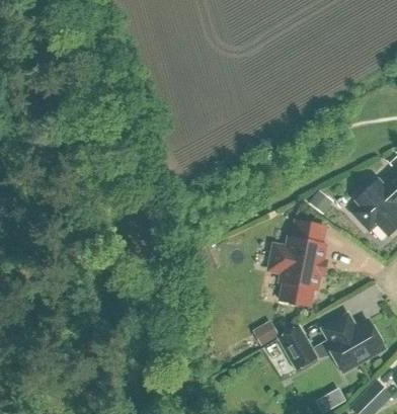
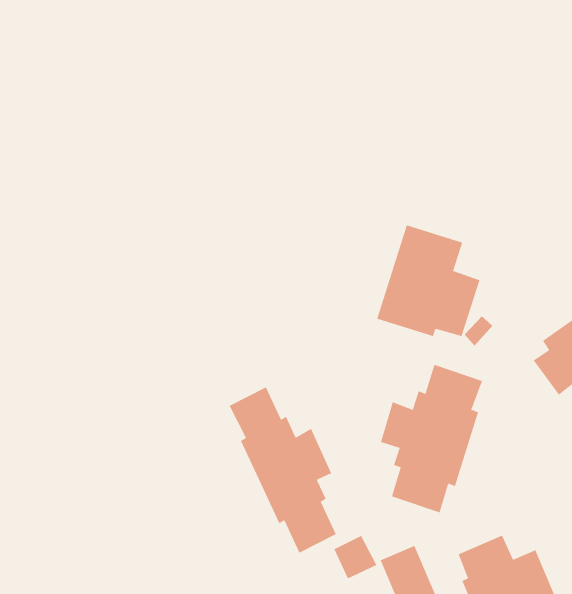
building: none -> [377,224,480,337]
building: none -> [229,387,336,554]

